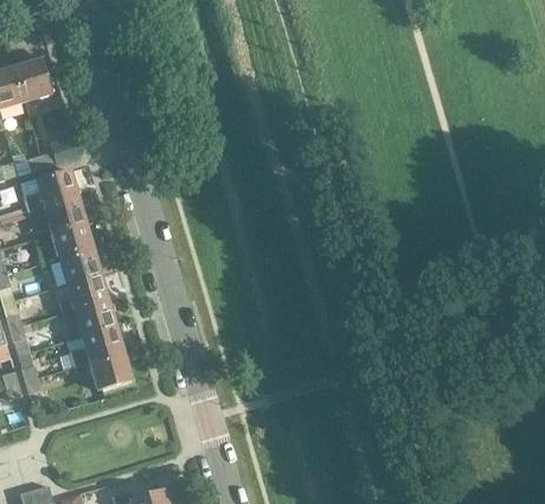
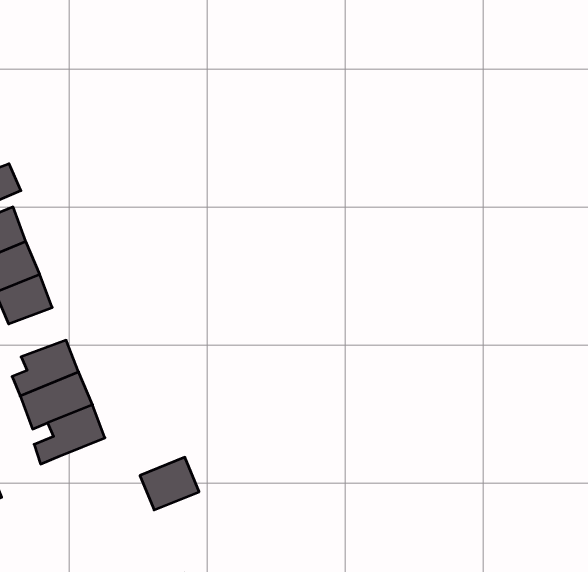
building: [59,249,102,285] -> none
building: [89,352,133,390] -> [140,457,199,510]

